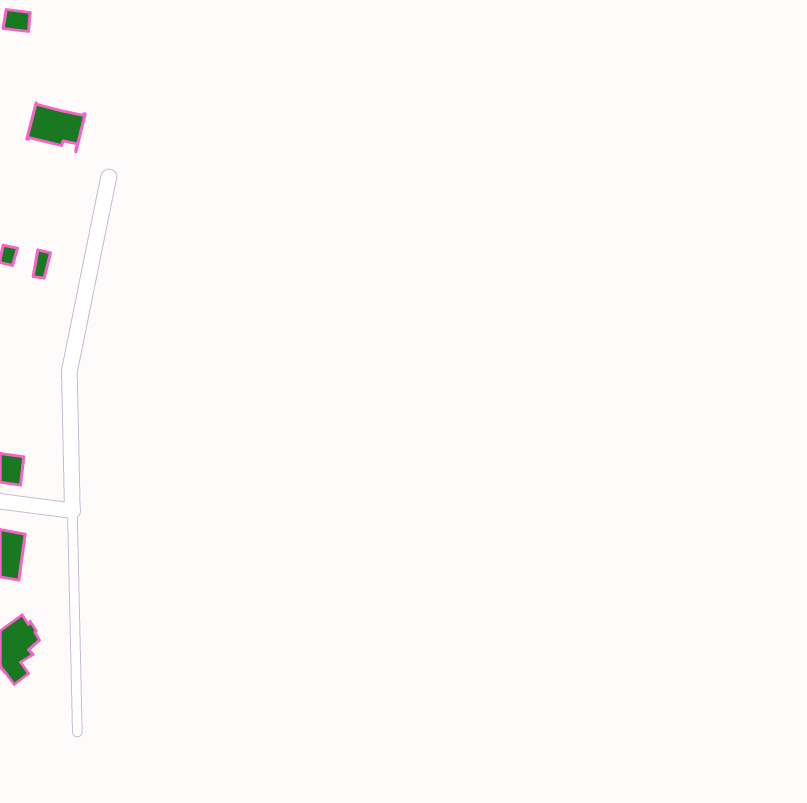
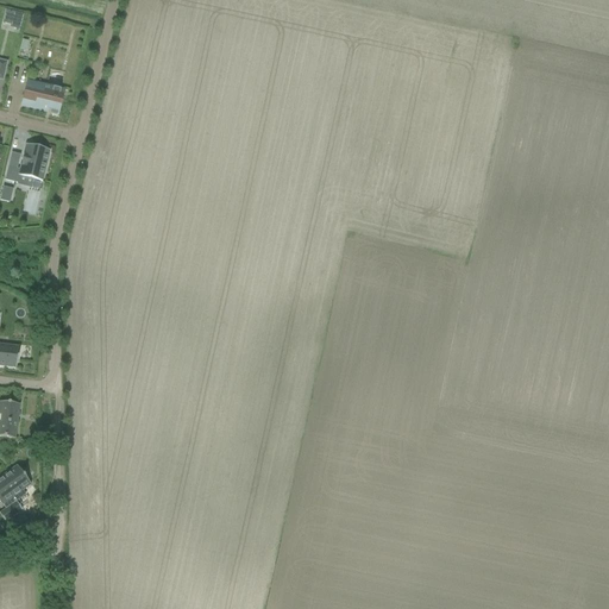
building: none -> [5,142,49,181]

